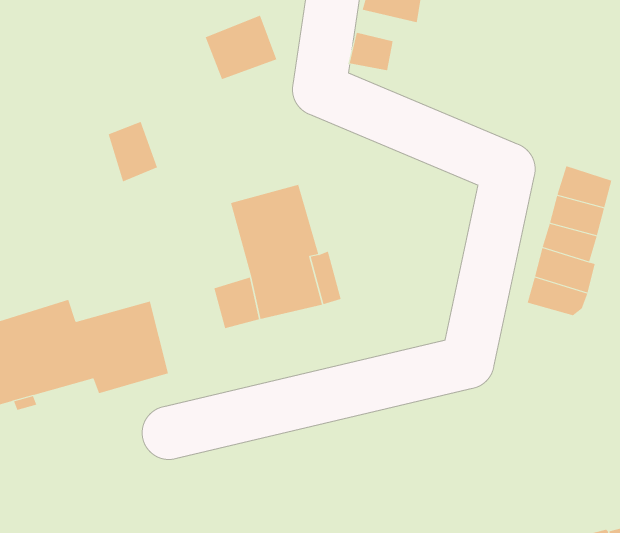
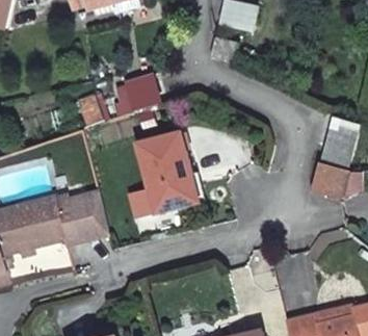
building: [205,15,277,80] -> [115,70,156,106]

